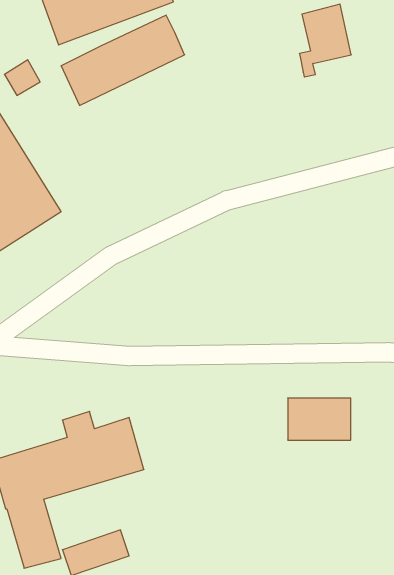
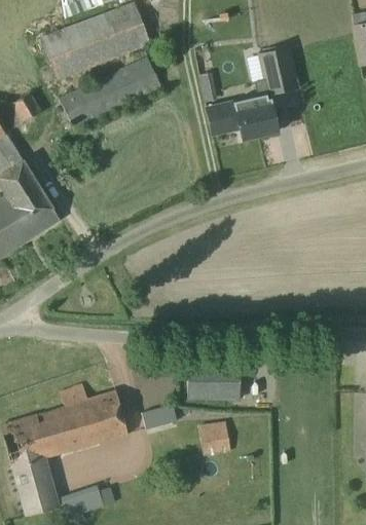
building: none -> [205,101,276,139]
building: [288,398,351,440] -> [186,364,239,399]
building: none -> [140,404,174,429]
building: none -> [197,419,230,457]

